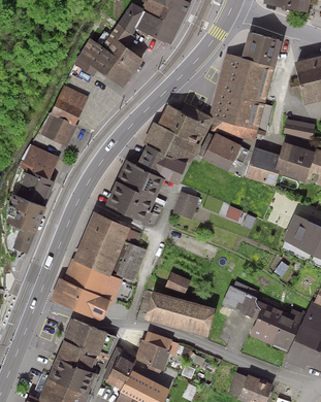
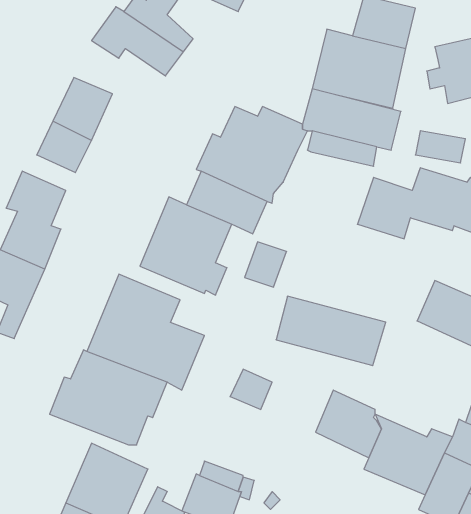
building: [197,131,248,173] -> none
building: [145,293,215,337] -> [276,296,386,366]

